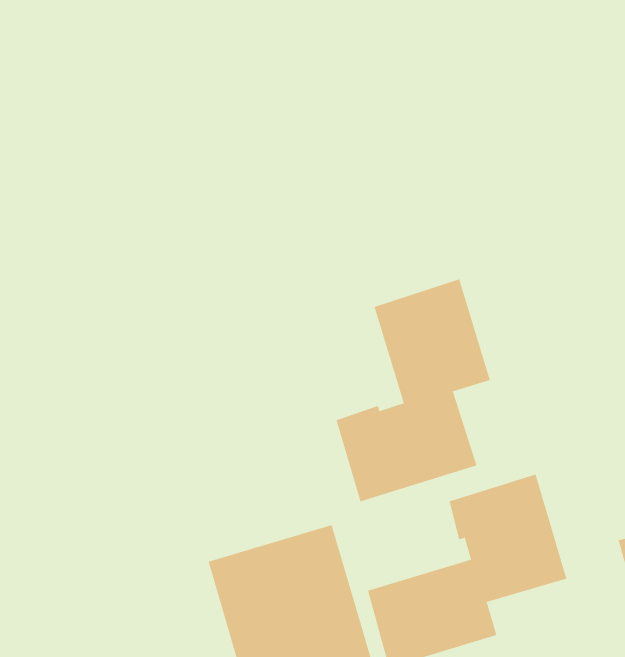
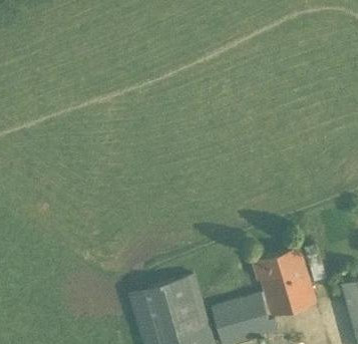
building: [336,278,490,502] -> none

